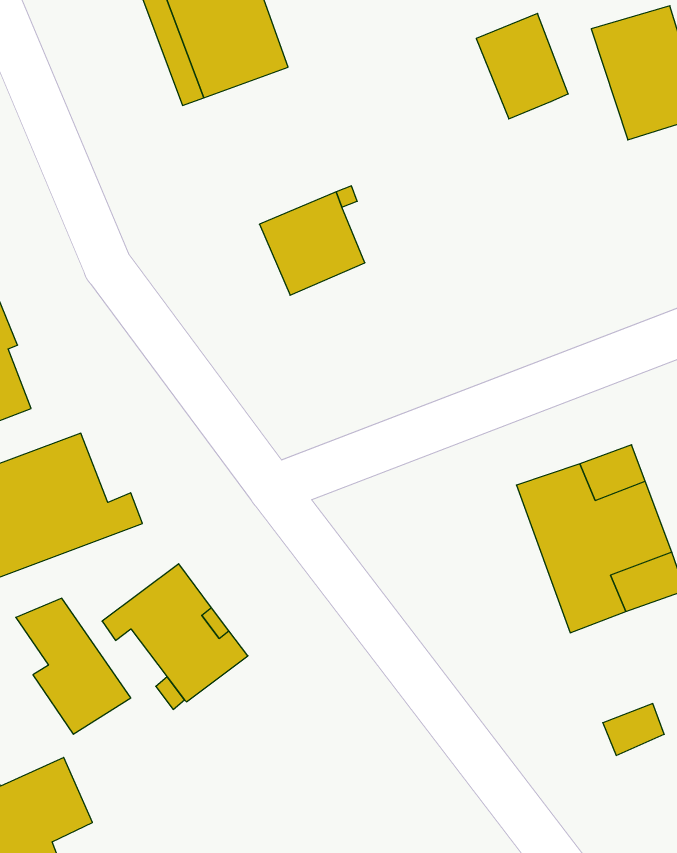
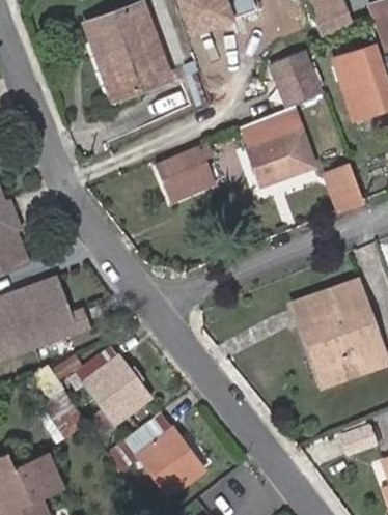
building: none -> [240,97,317,185]
building: none -> [325,164,362,209]
building: none -> [108,413,203,495]

